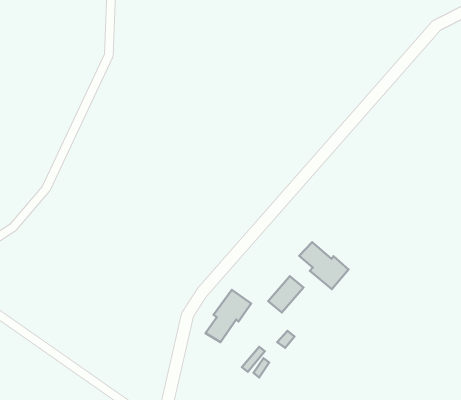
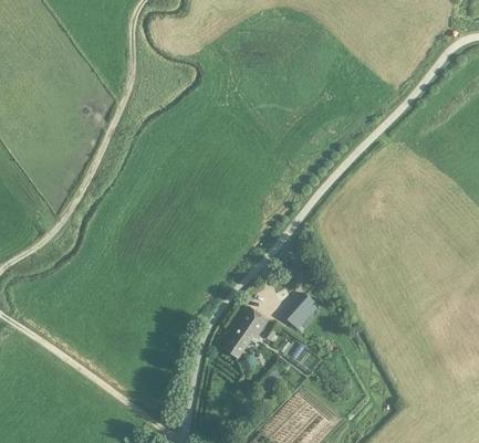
building: [299,242,349,289] -> none

